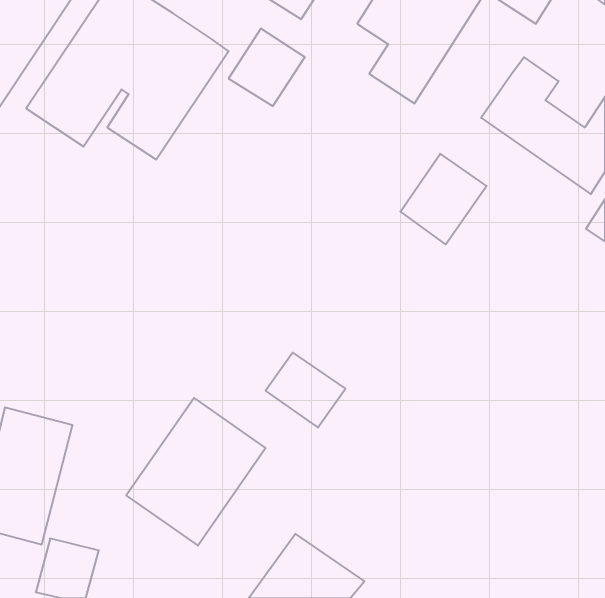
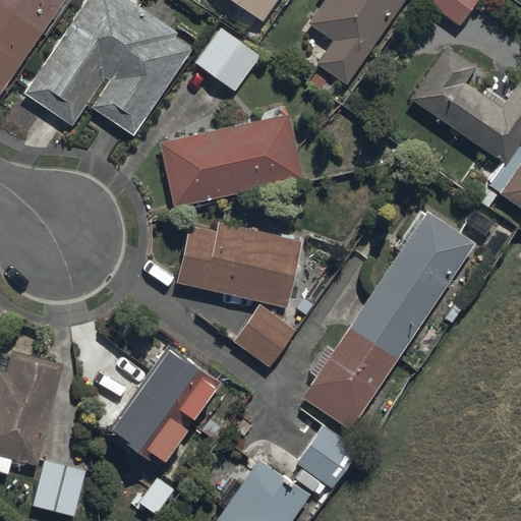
building: none -> [159,114,304,209]
building: [400,154,487,244] -> none
building: none -> [300,213,480,432]
building: none -> [177,222,302,305]
building: none -> [291,424,355,486]

